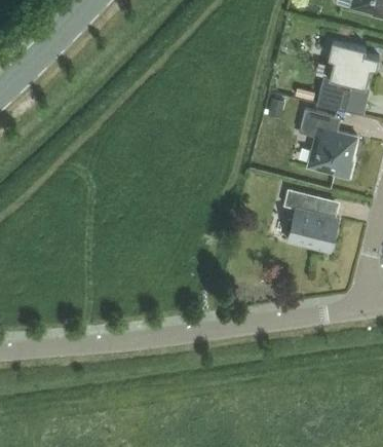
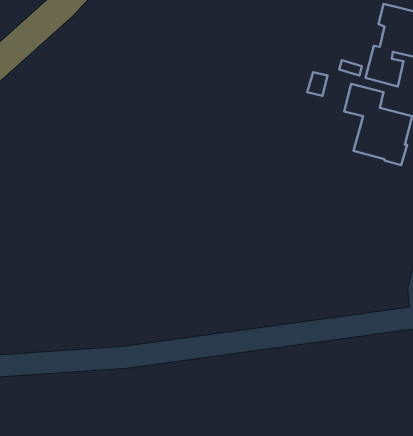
building: [284,188,340,252] -> none

